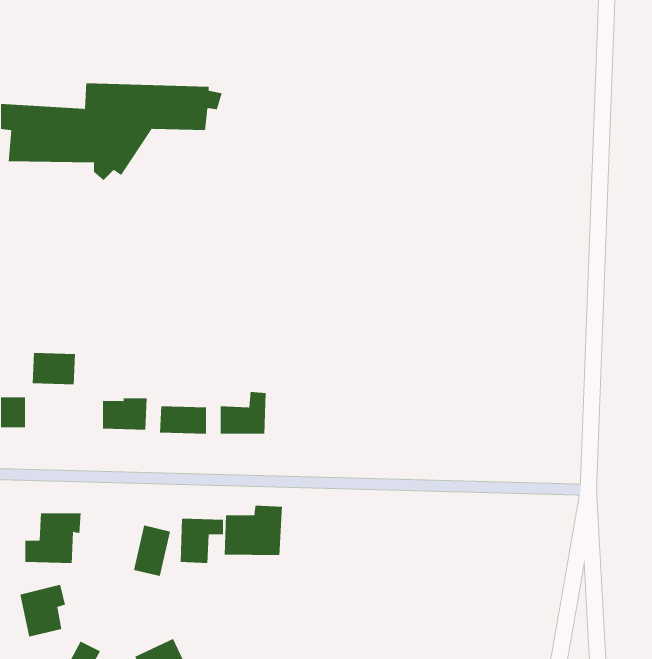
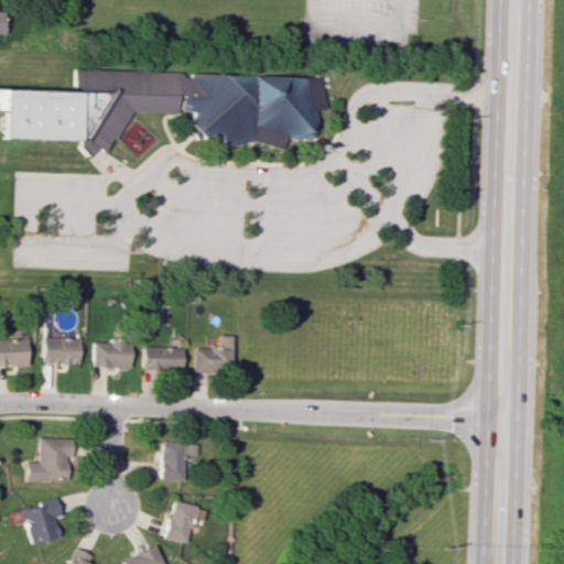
building: none -> [188,78,332,148]
building: [32,353,76,385] -> [44,337,82,365]
building: [224,505,282,556] -> none
building: [133,525,171,577] -> [165,500,197,544]

